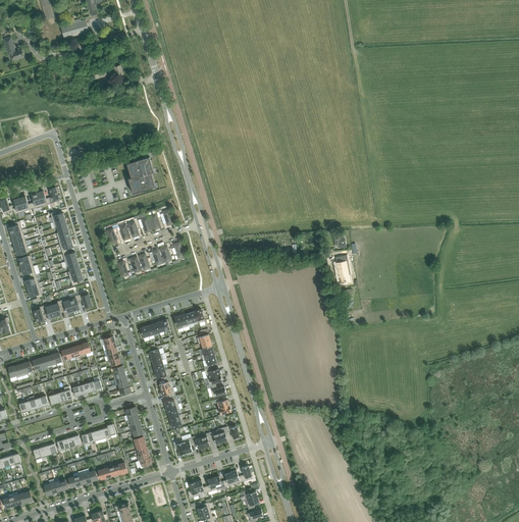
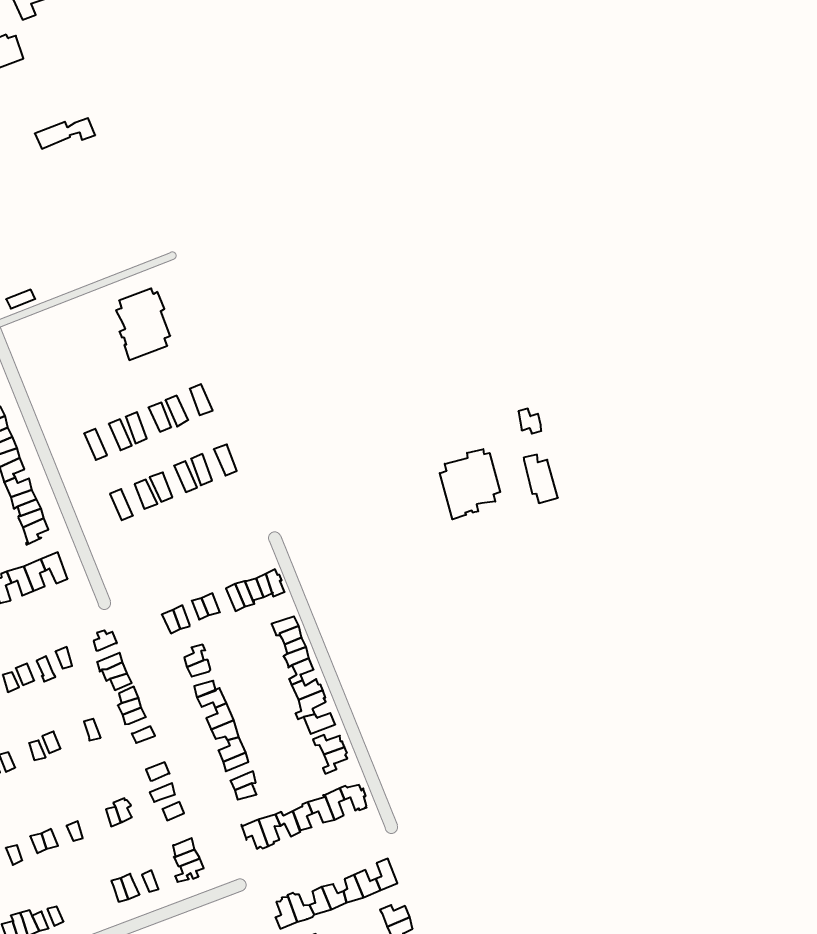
building: none -> [440,449,500,519]

